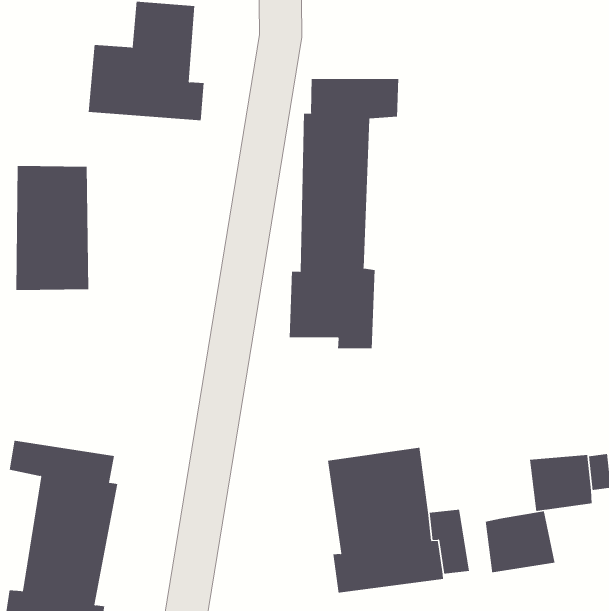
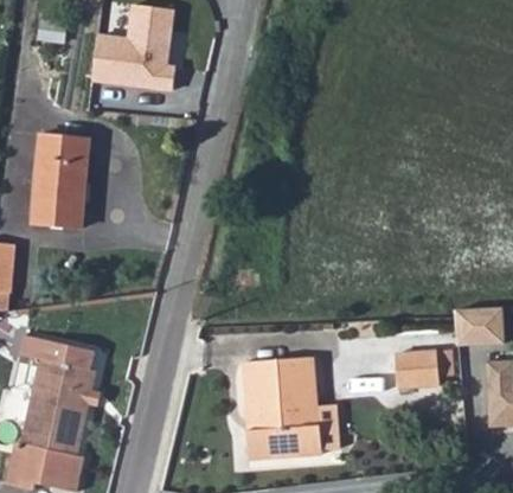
building: [289,78,399,349] -> none
building: [485,510,555,573] -> none

